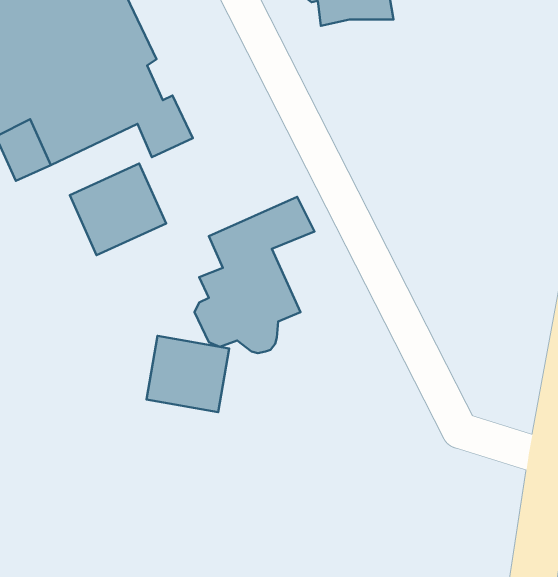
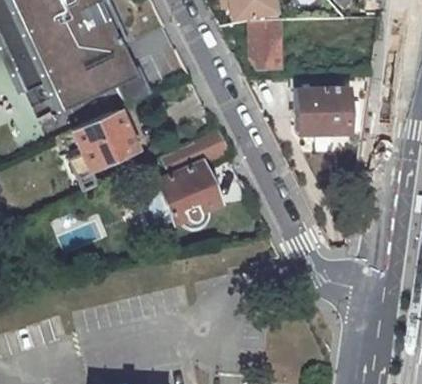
building: none -> [252,21,284,70]
building: none -> [298,89,350,136]
building: [147,336,229,412] -> none

